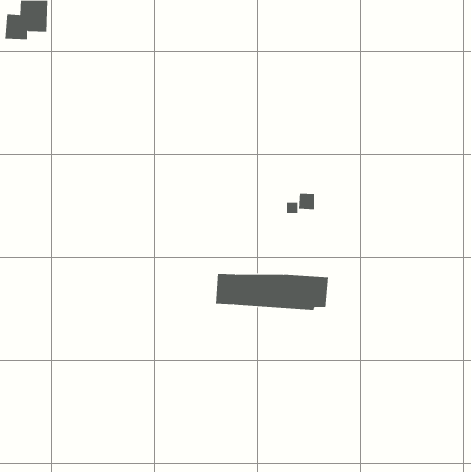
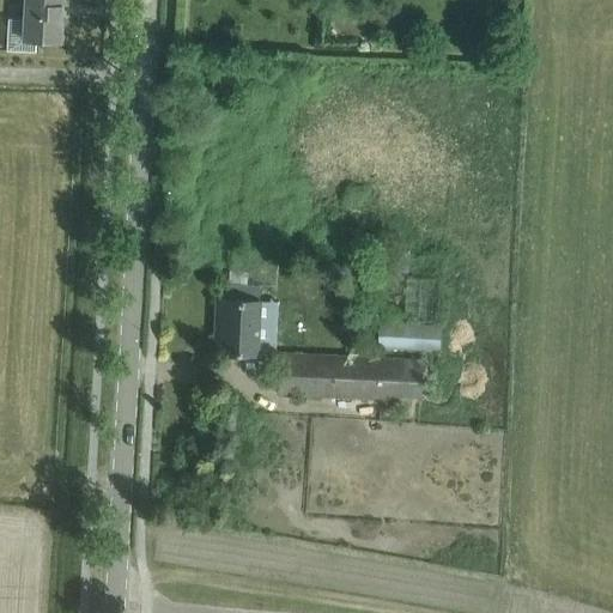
building: none -> [217,285,261,354]
building: none -> [380,322,443,351]

